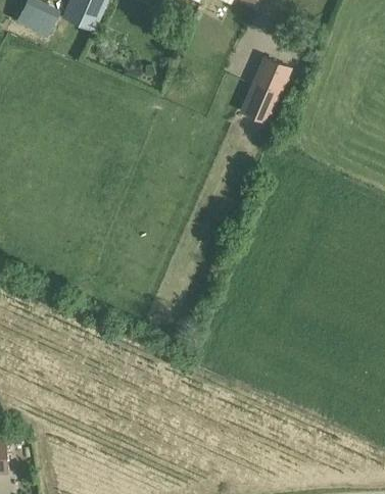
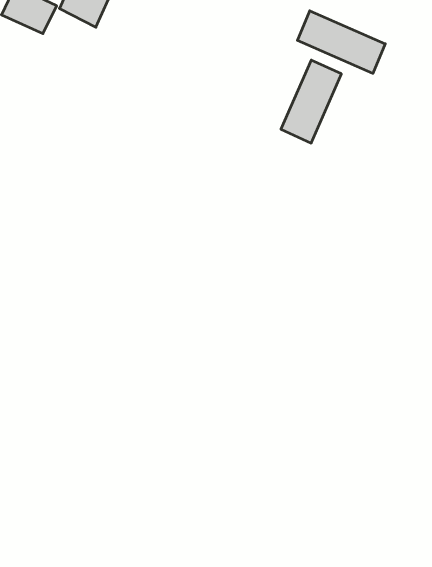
building: none -> [297,11,385,73]

